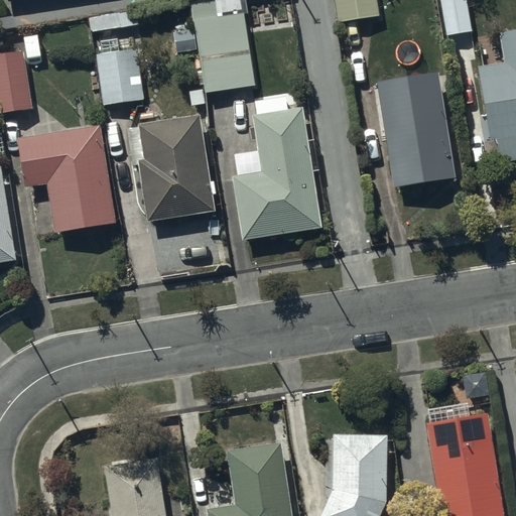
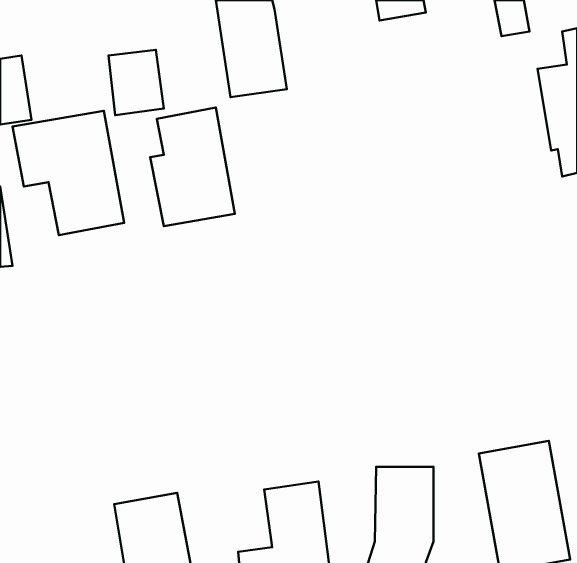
building: [378,80,457,196] -> none
building: [235,103,318,238] -> none

